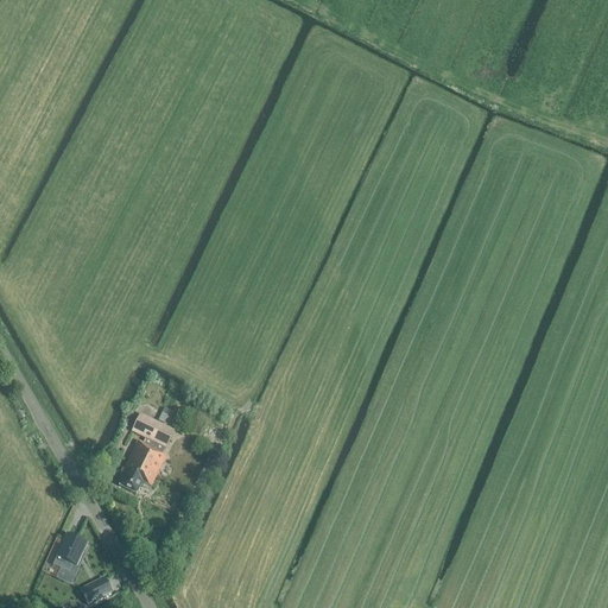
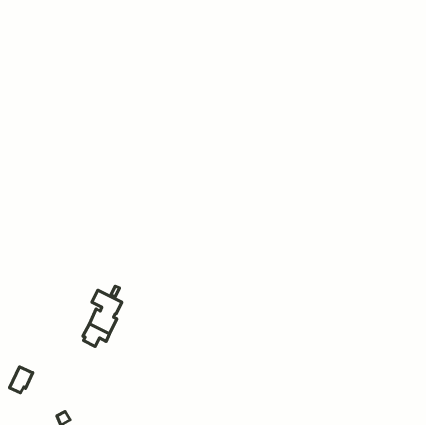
building: [53,533,87,570] -> [10,367,33,393]

